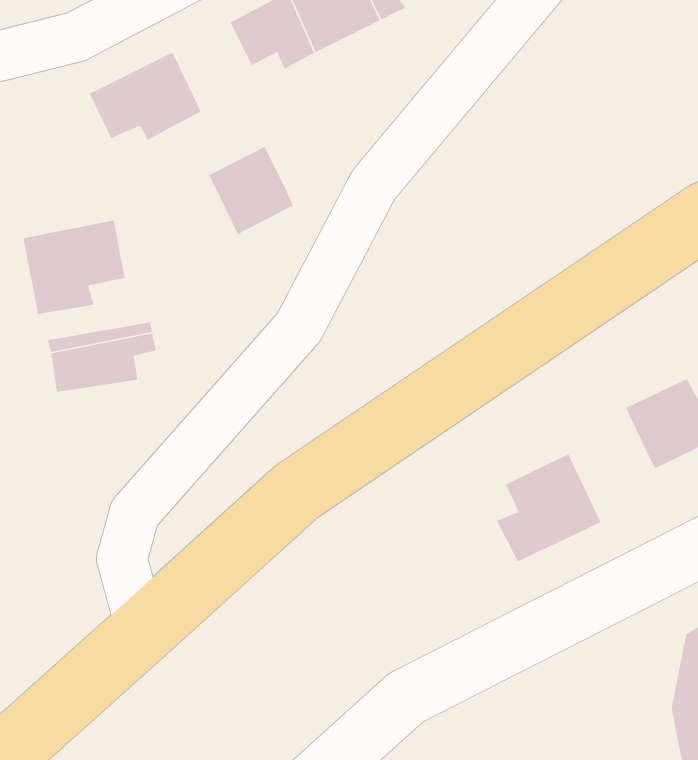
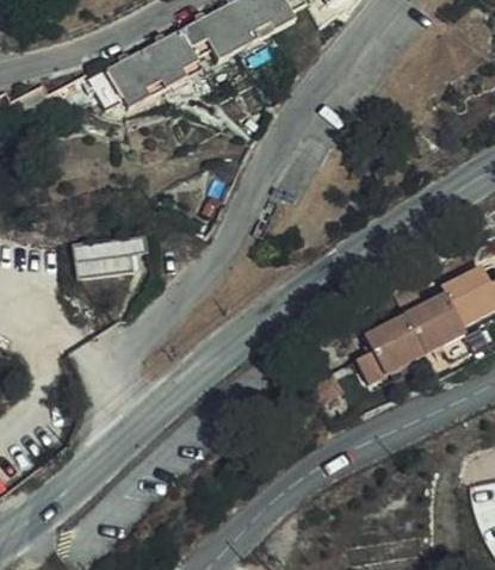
building: [208,146,294,235] -> [143,31,199,89]
building: [22,220,125,315] -> none
building: none -> [402,293,465,358]

